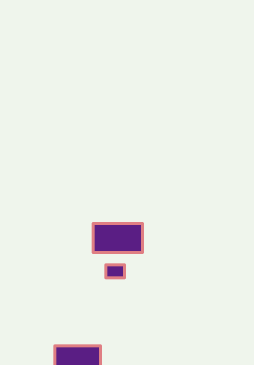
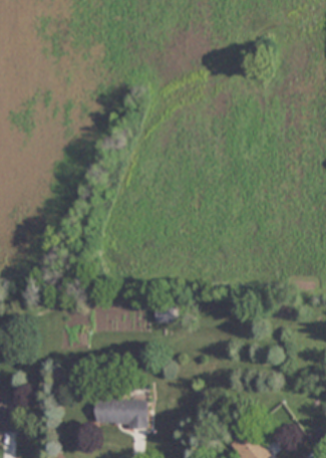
building: [93,224,143,252] -> none

